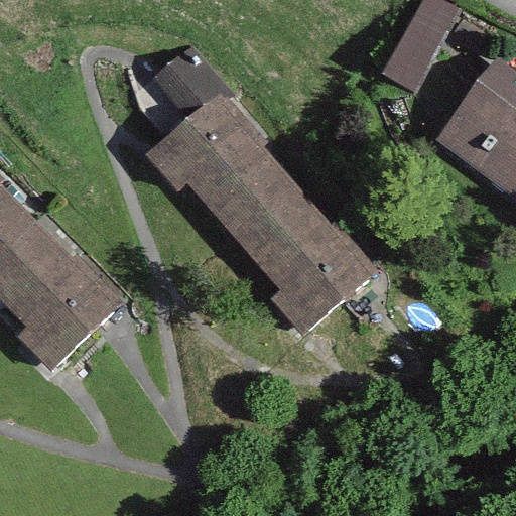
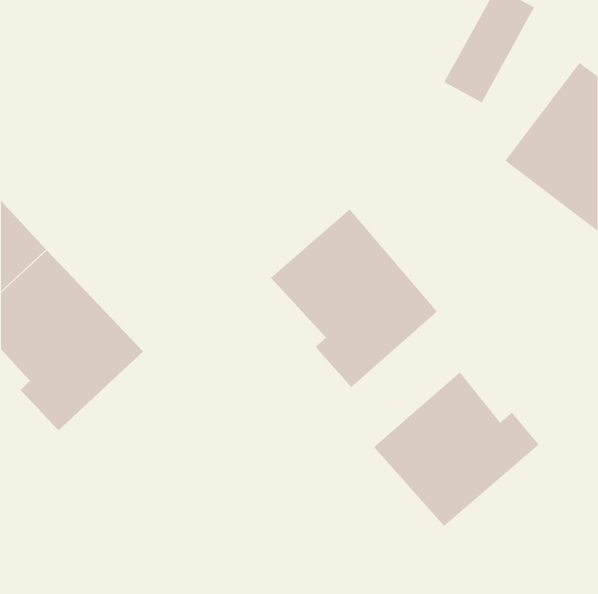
building: [147,52,301,239] -> none
building: none -> [373,372,540,527]

